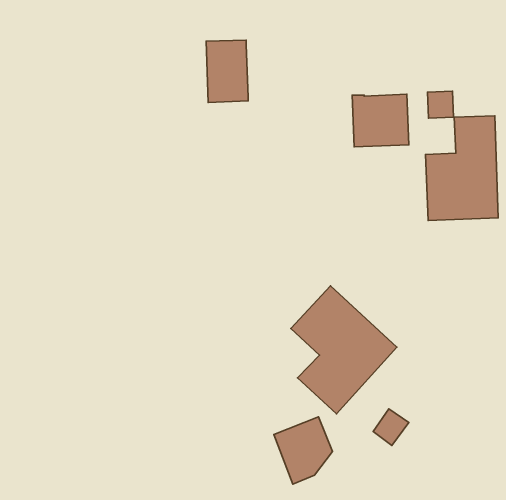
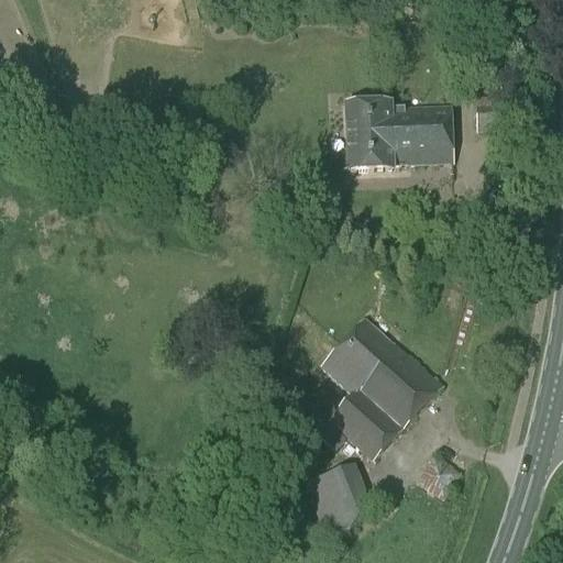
building: [206,40,248,103] -> [346,100,393,169]
building: [426,116,498,220] -> none

